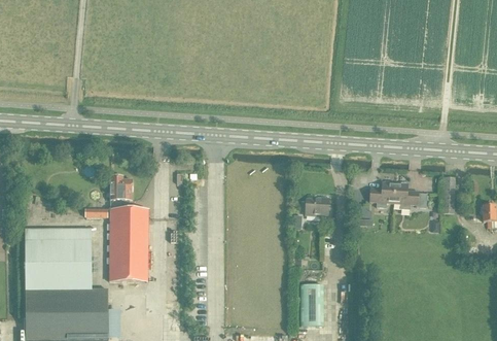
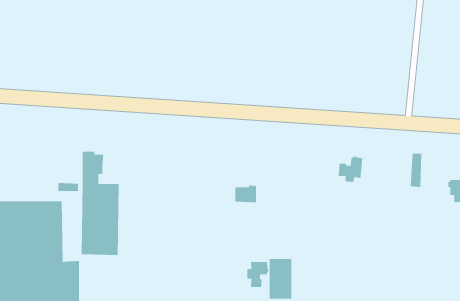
building: [393,181,427,208] -> none
building: [306,196,328,214] -> [234,185,257,203]
building: none -> [247,261,269,288]

